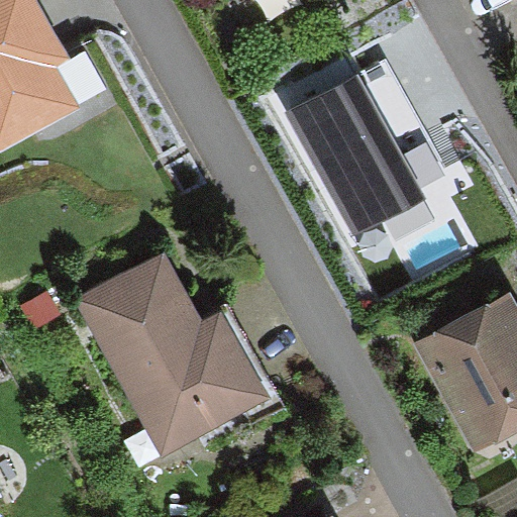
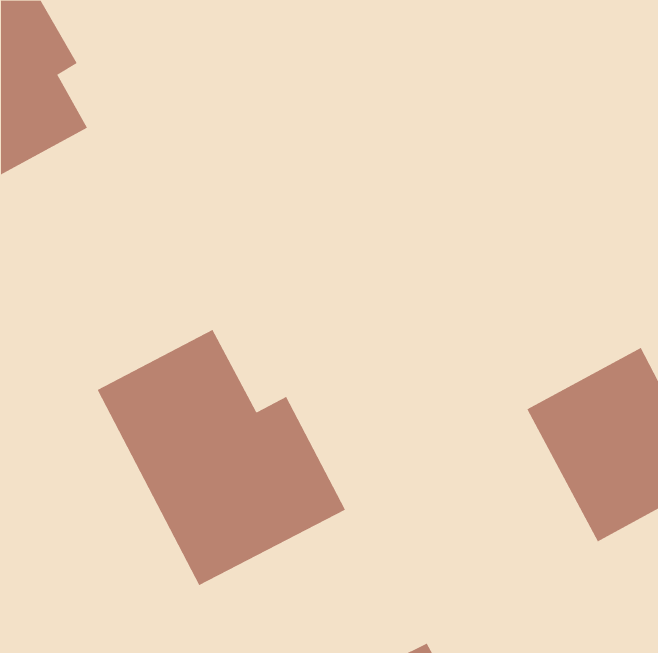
building: [288,69,429,232] -> none

